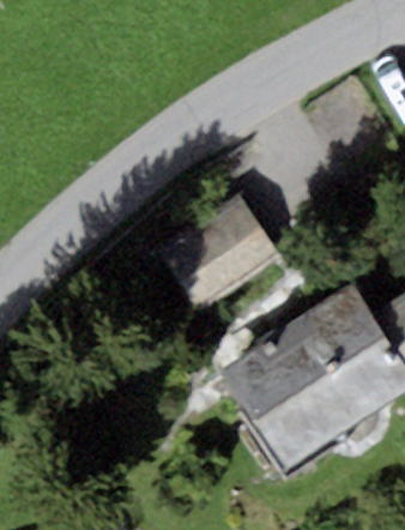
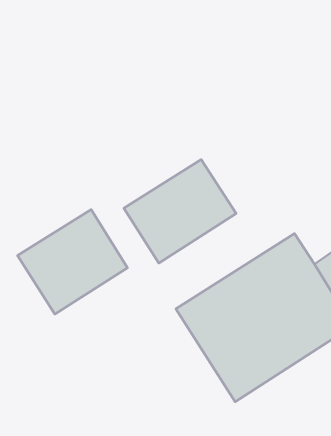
building: none -> [18,210,128,314]

